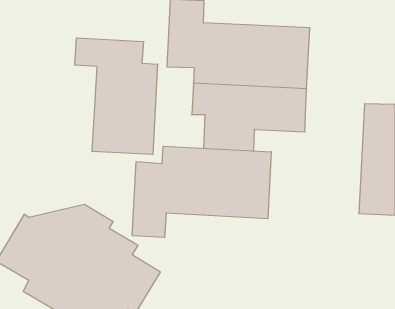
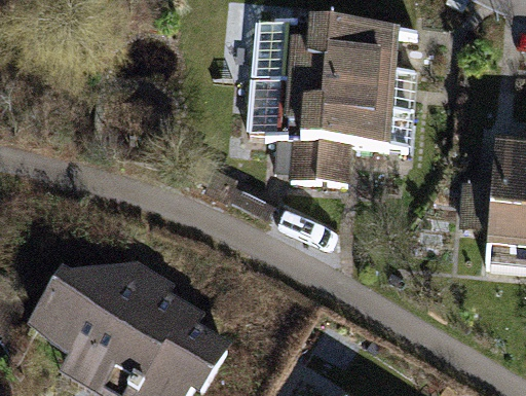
building: [75,38,158,155] -> none
building: [132,146,271,238] -> none

